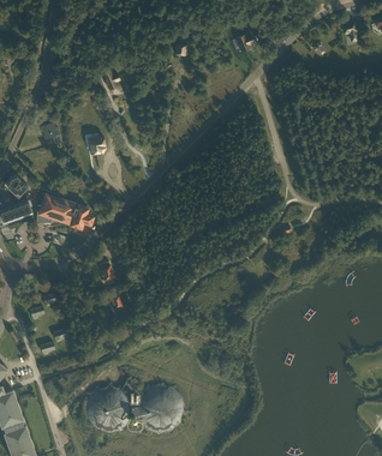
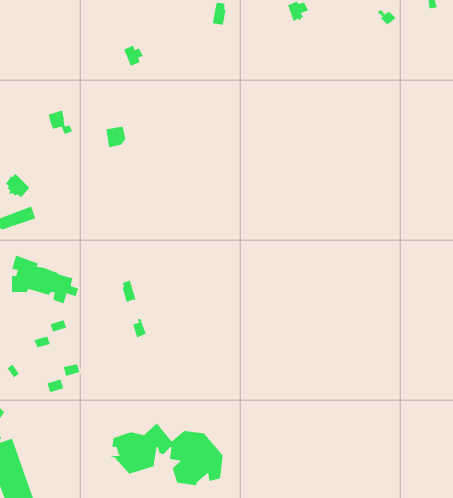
building: [36,190,91,230] -> [11,254,79,305]

